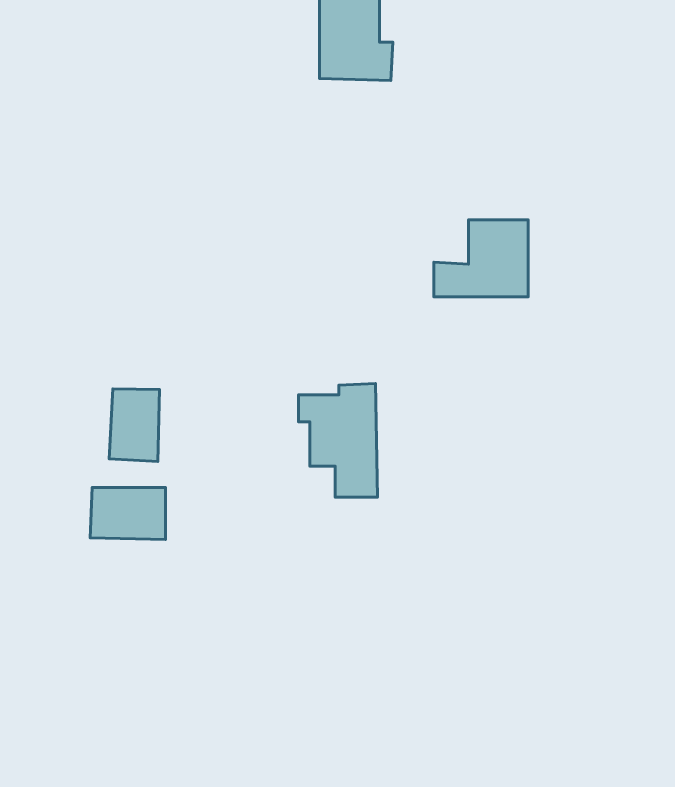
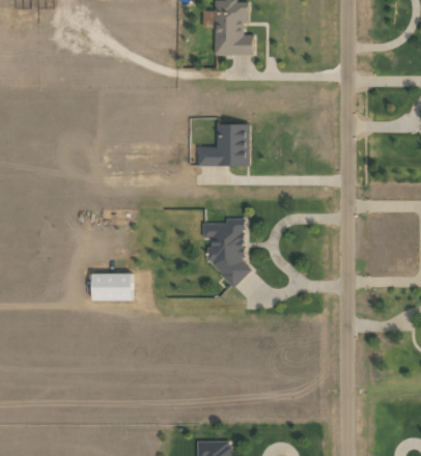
building: [434,220,528,297] -> [197,124,248,166]
building: [109,389,160,461] -> none

